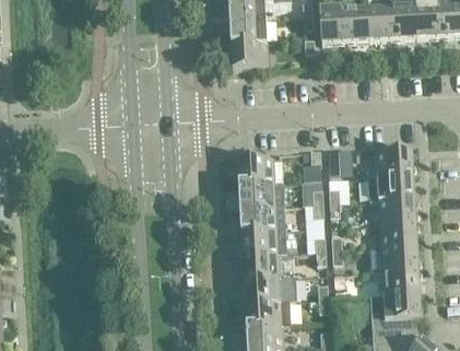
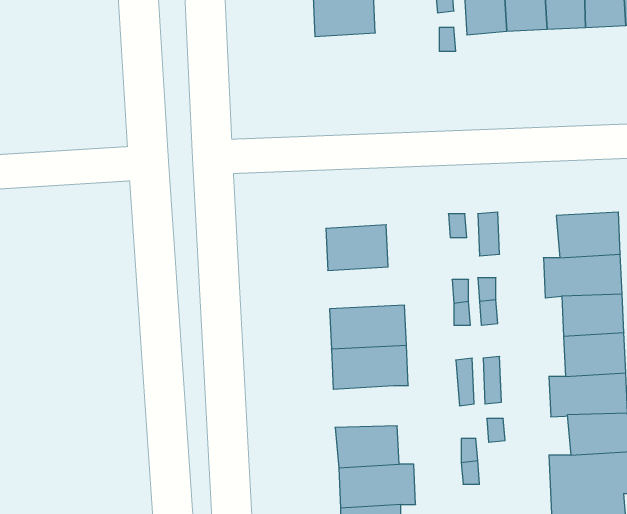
building: [231,42,268,68] -> none
building: [238,180,284,207] -> none
building: [241,253,280,278] -> none

